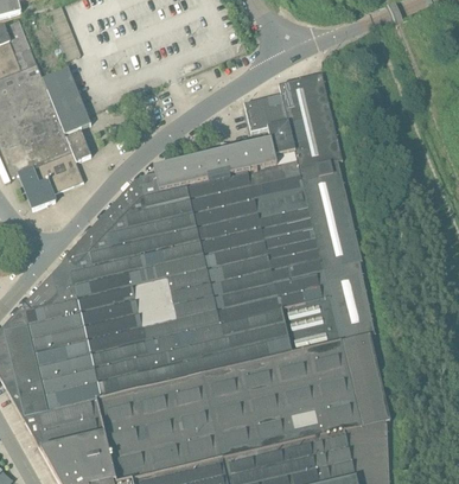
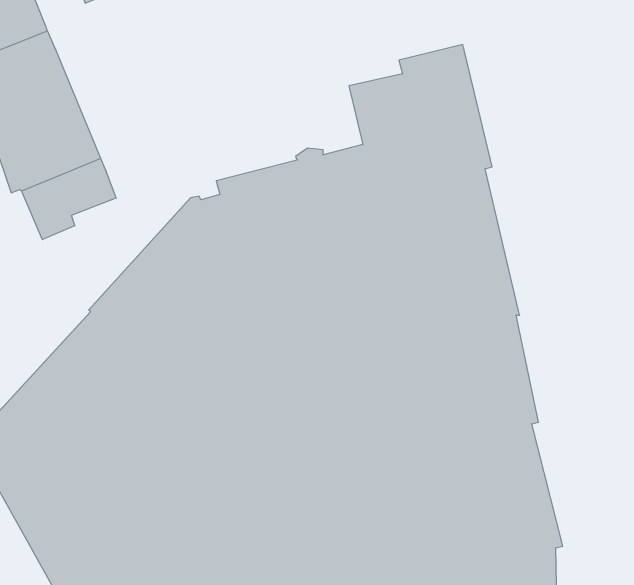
building: [43,69,91,163] -> none

